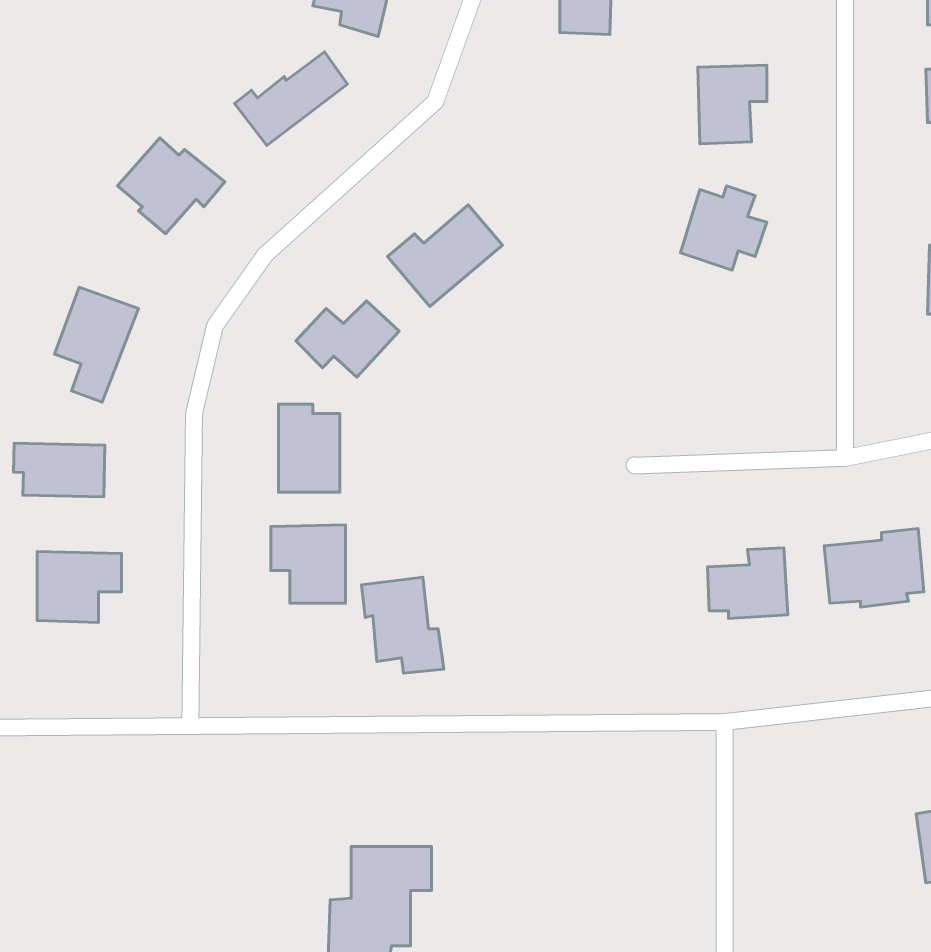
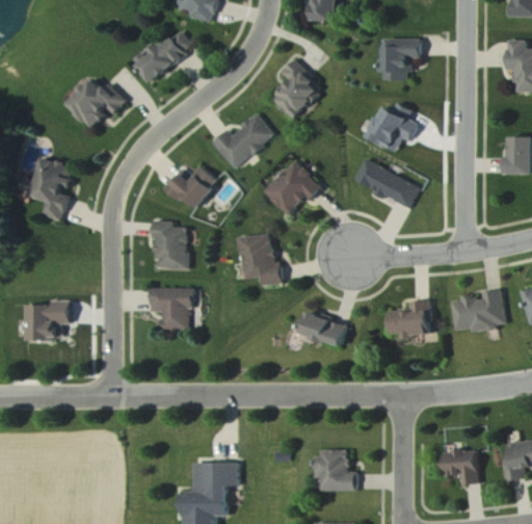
building: none -> [270,60,320,119]
building: none -> [355,158,421,208]
building: none -> [267,160,325,214]
building: [13,443,105,497] -> none
building: none -> [300,312,347,346]
building: [361,577,444,673] -> [239,233,284,285]
building: none -> [315,449,355,491]
building: none -> [443,450,476,484]

